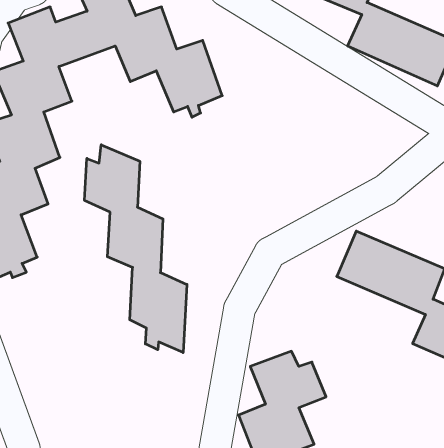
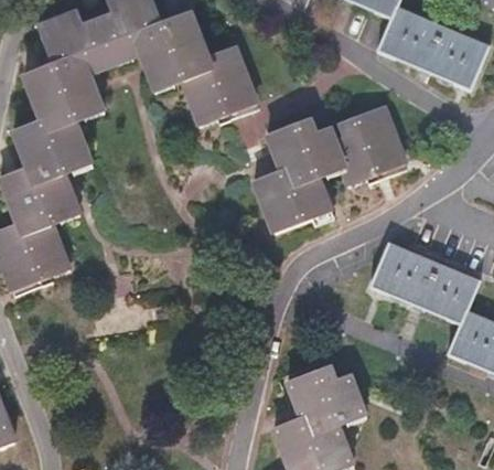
building: none -> [258,105,406,233]
building: [85,145,187,353] -> none

